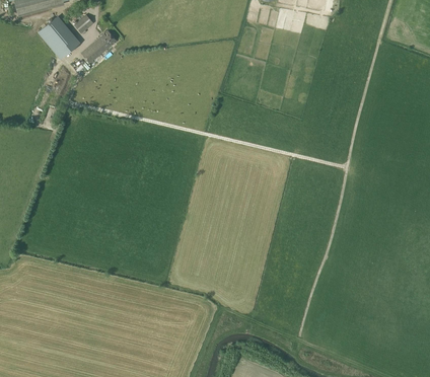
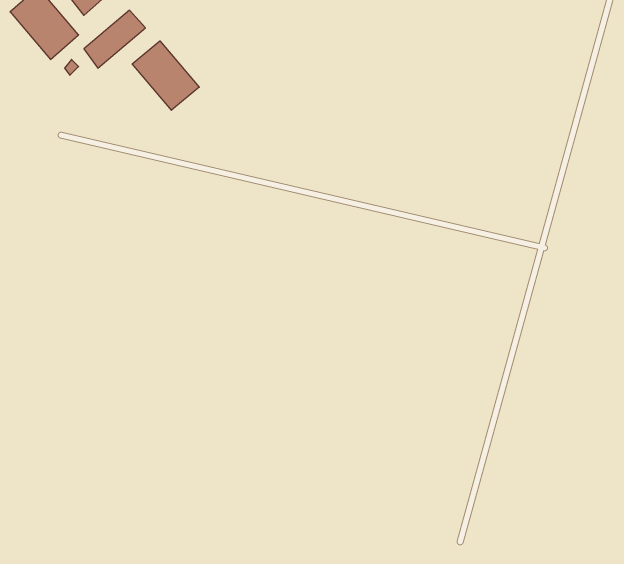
building: none -> [132,41,199,110]

